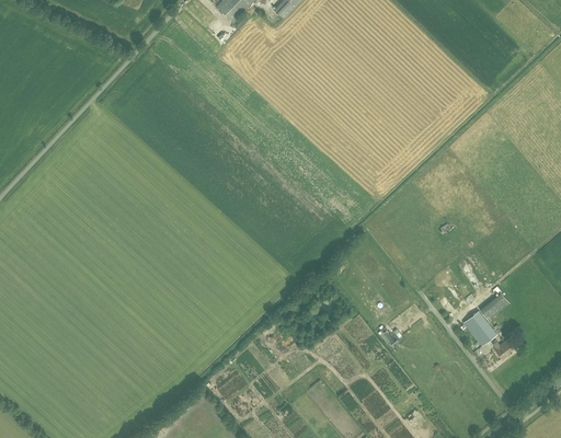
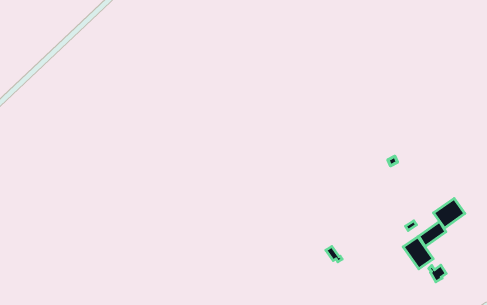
building: none -> [433,198,465,228]

